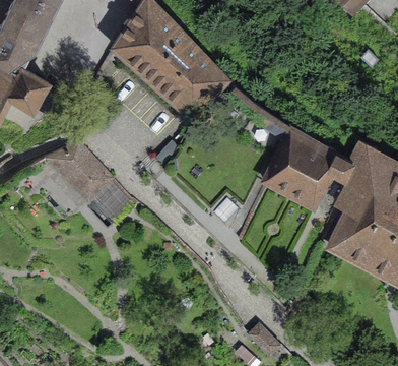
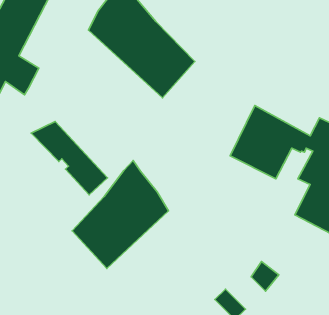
building: none -> [72,161,168,268]

